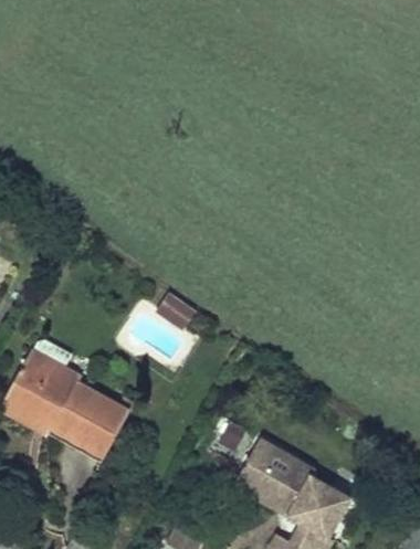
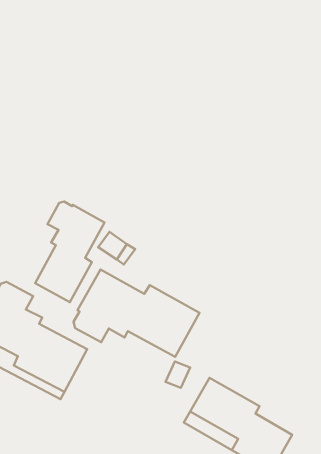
building: none -> [35,202,105,302]
building: none -> [74,270,200,357]

